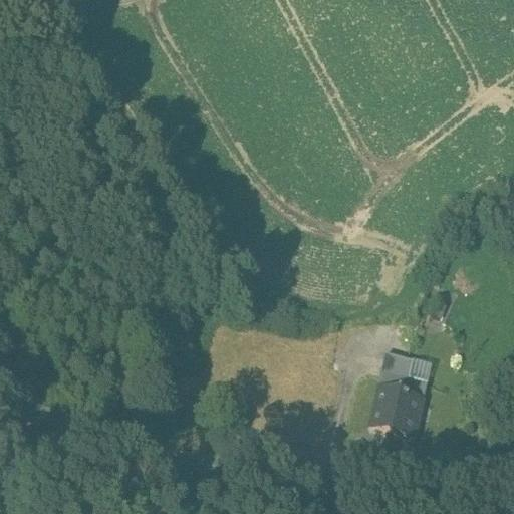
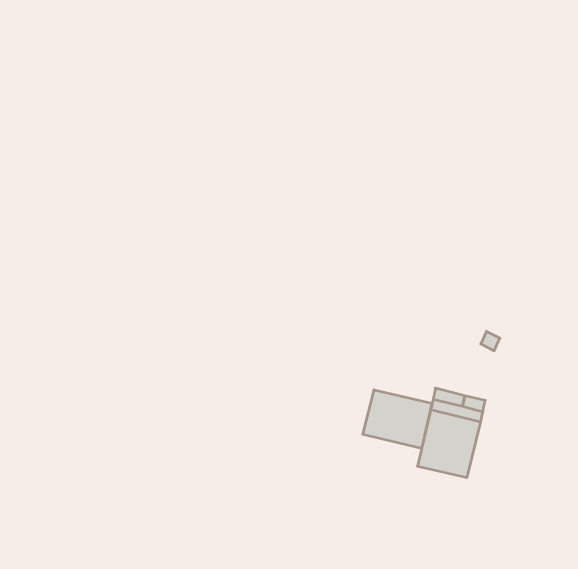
building: none -> [363,390,432,449]

